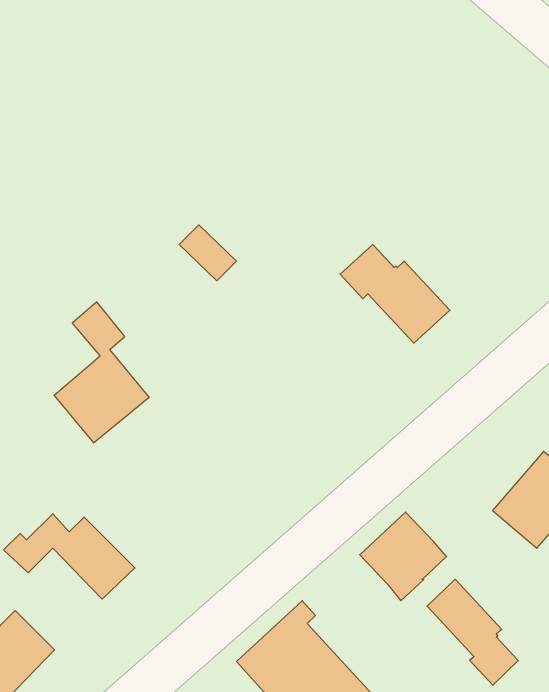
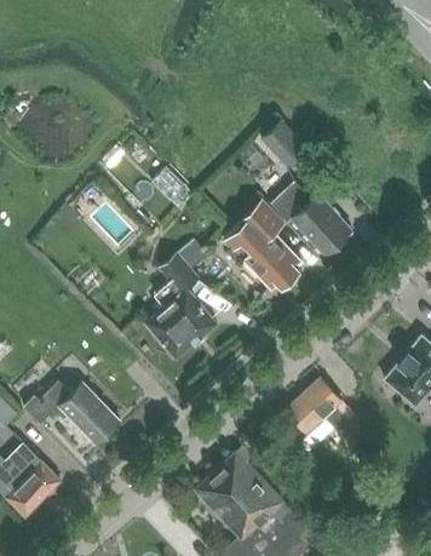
building: none -> [262,120,308,167]
building: none -> [225,200,301,290]
building: [54,302,149,443] -> [146,253,217,357]
building: [427,579,518,685] -> none

